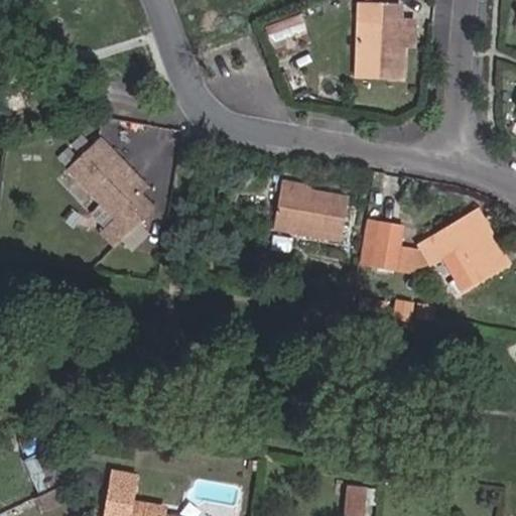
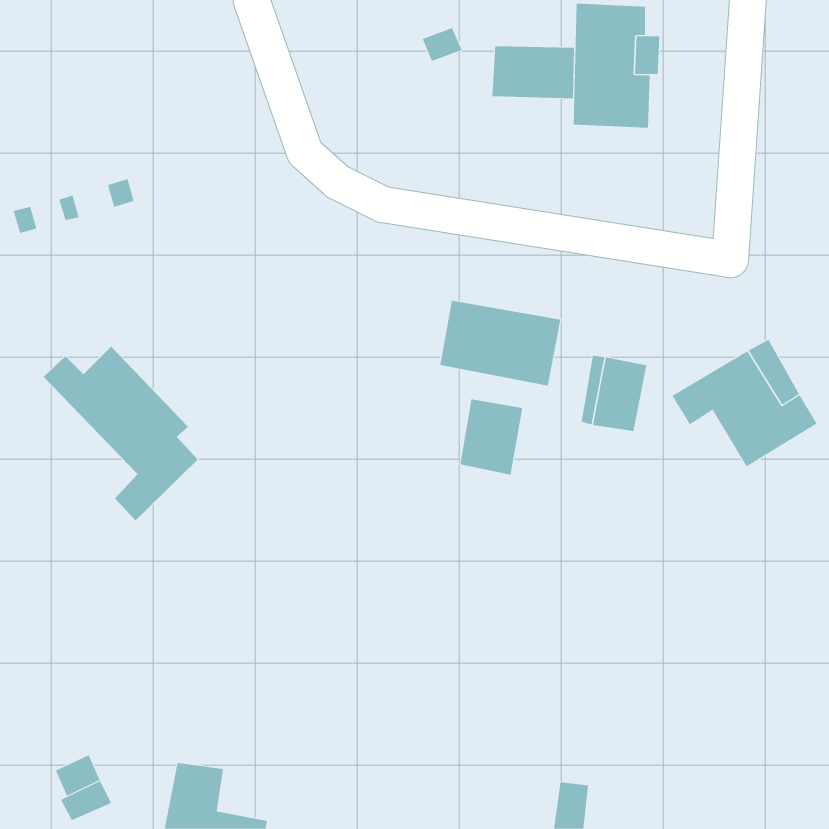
building: none -> [492,45,575,99]
building: [57,137,154,246] -> [43,346,199,521]
building: none -> [460,398,523,475]

